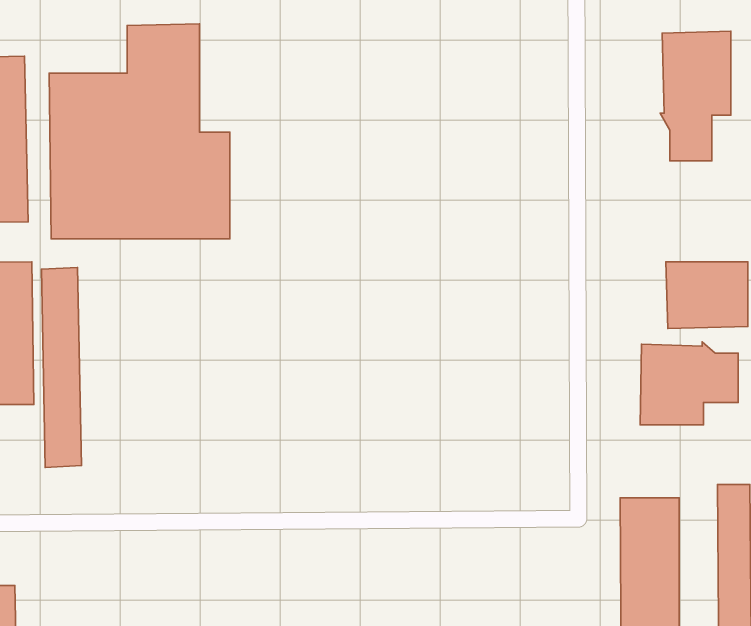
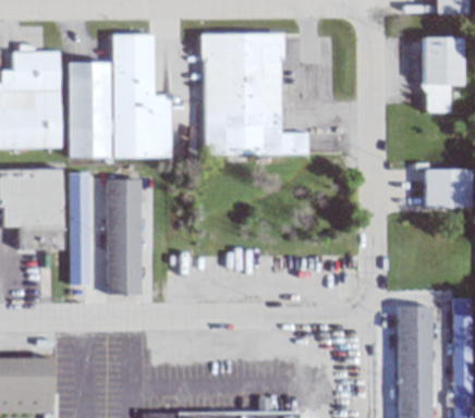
building: none -> [200,34,309,156]
building: none -> [106,180,143,296]
building: [640,342,738,425] -> none

